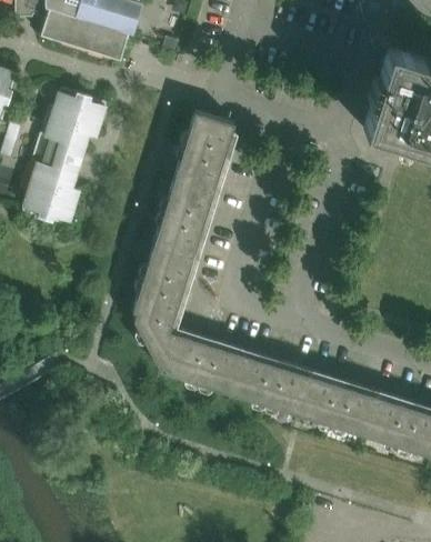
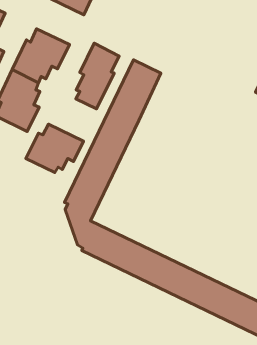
building: none -> [76,43,119,109]
building: none -> [26,124,83,172]

